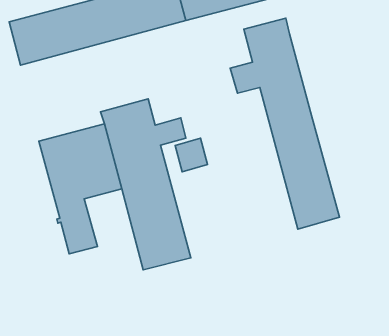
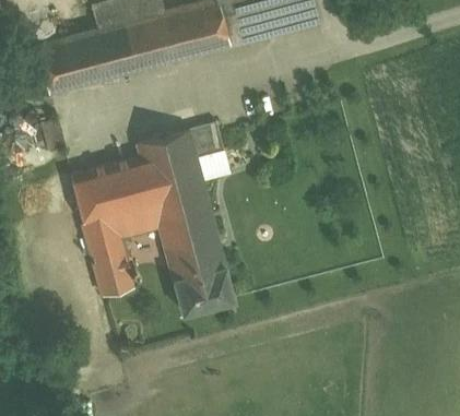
building: [230,18,339,229] -> none
building: [175,138,208,172] -> [188,121,223,157]

